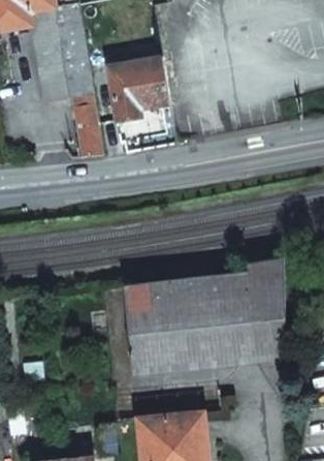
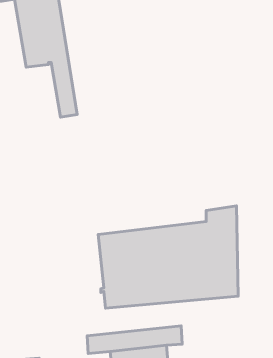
building: [106,57,168,121] -> none

